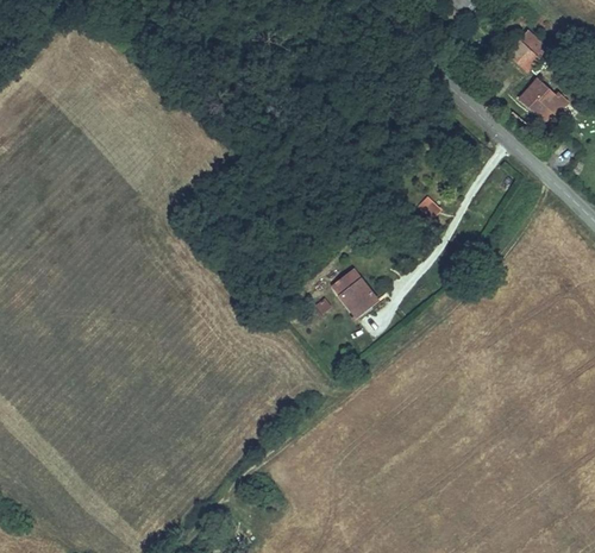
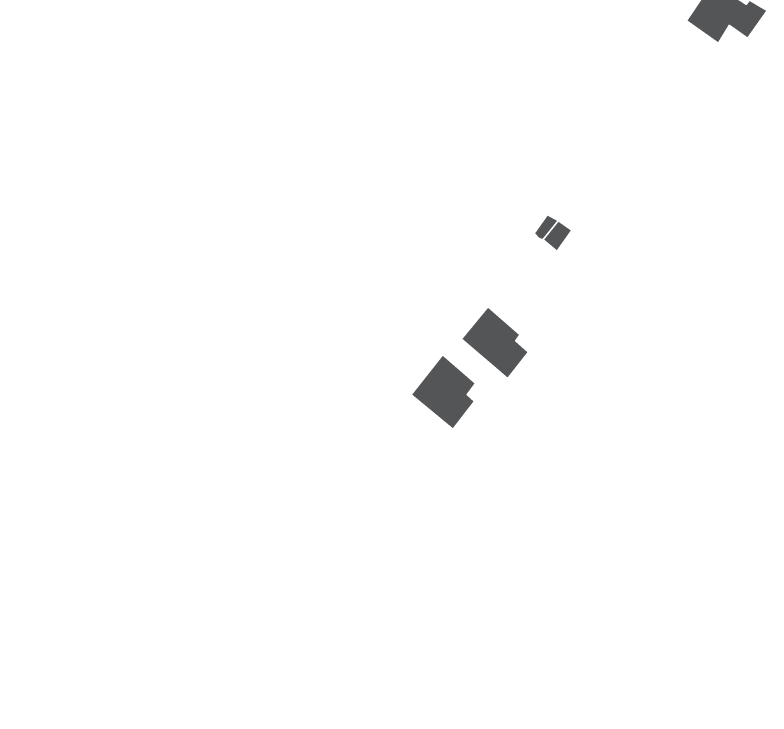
building: none -> [461,307,528,379]

